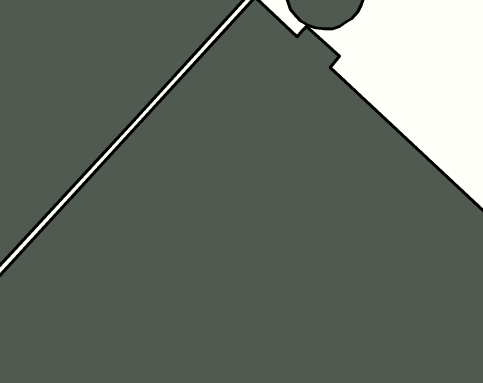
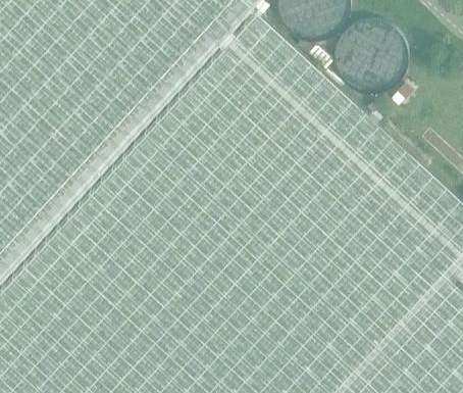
building: none -> [340,22,409,92]

